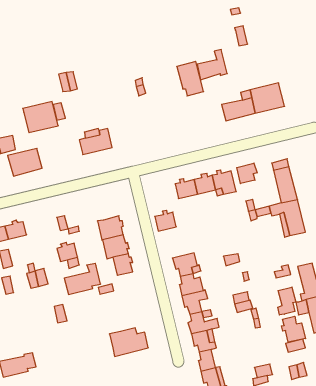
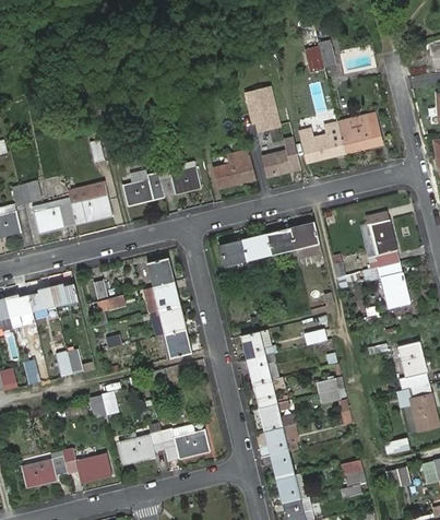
building: [197,50,227,80] -> [261,138,299,176]
building: [23,102,58,133] -> [67,182,111,222]
building: none -> [213,150,254,188]
building: none -> [157,167,200,196]
building: [237,163,257,184] -> none
building: none -> [146,258,173,287]
building: [155,210,176,231] -> [219,239,247,265]
building: [57,242,78,261] -> [50,282,76,306]
building: [64,263,101,294] -> [118,423,164,462]
building: [278,287,296,315] -> none
building: [281,316,306,342] -> none
building: none -> [62,452,110,481]

